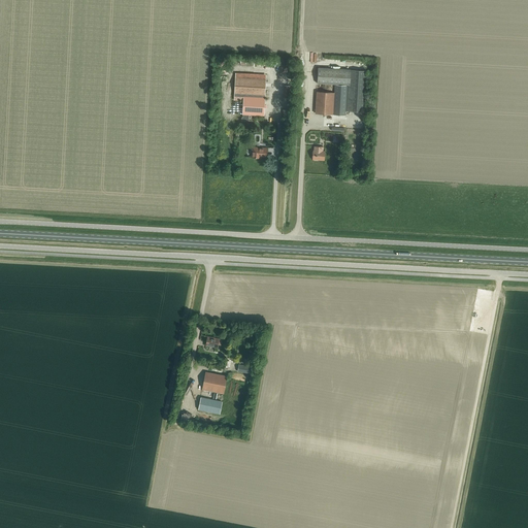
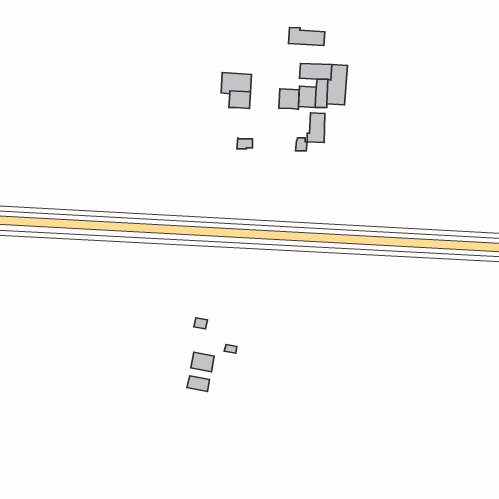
building: none -> [288,28,325,46]
building: none -> [279,89,299,109]
building: none -> [307,113,325,143]

